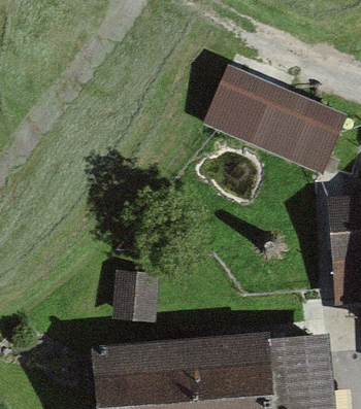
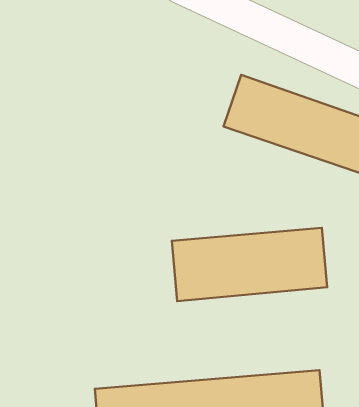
building: none -> [172,228,327,301]

